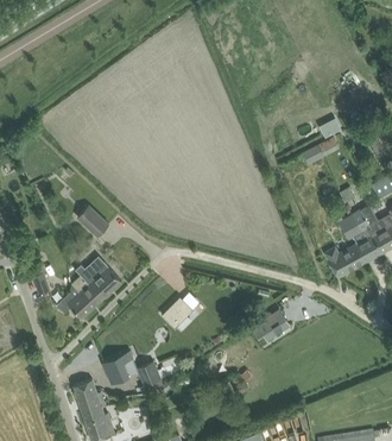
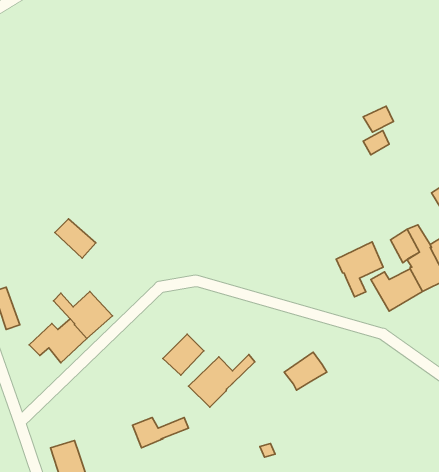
building: none -> [336,242,383,297]
building: none -> [189,355,255,407]
building: [103,351,133,383] -> none

